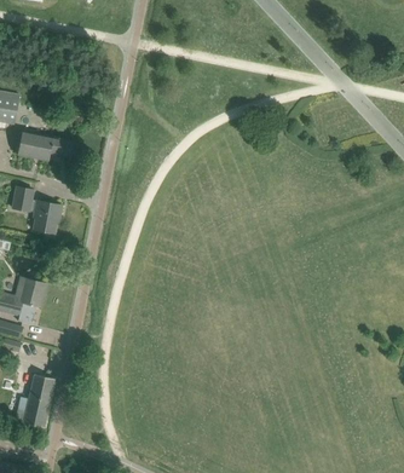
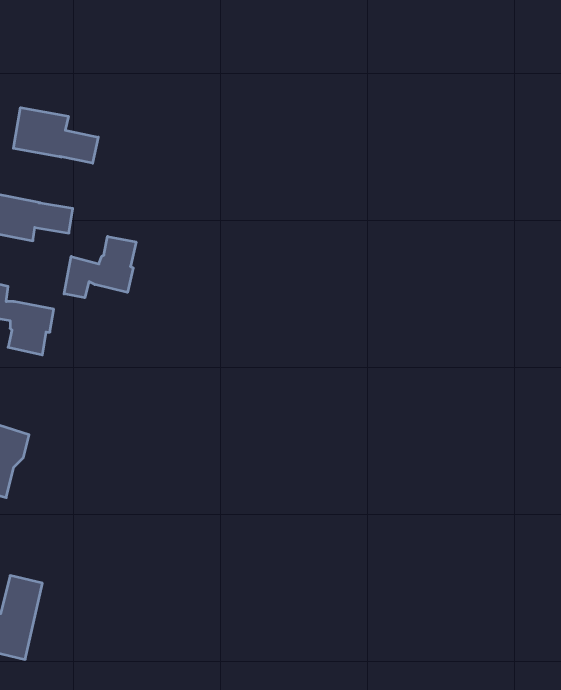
building: none -> [13,108,98,163]
building: none -> [64,236,136,298]

